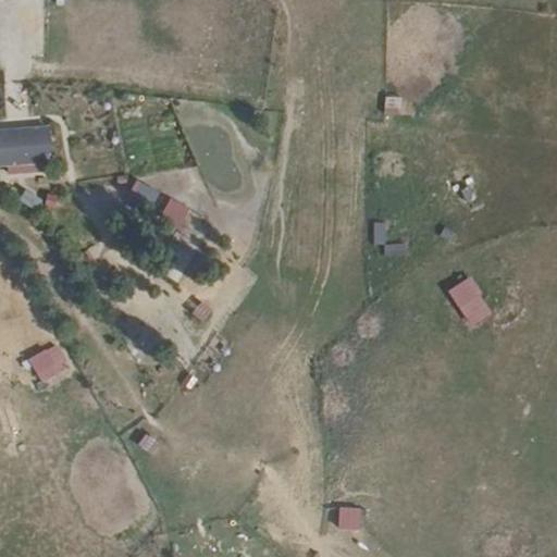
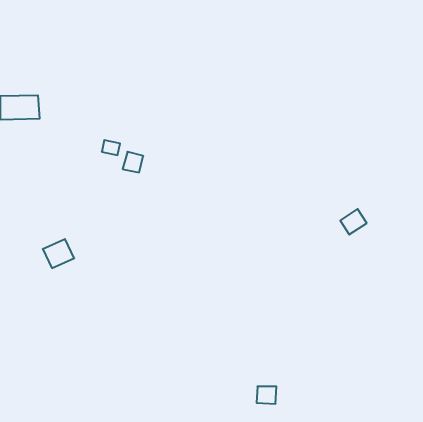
building: [27,346,69,384] -> [43,239,74,268]

